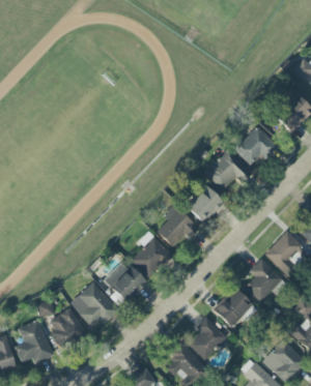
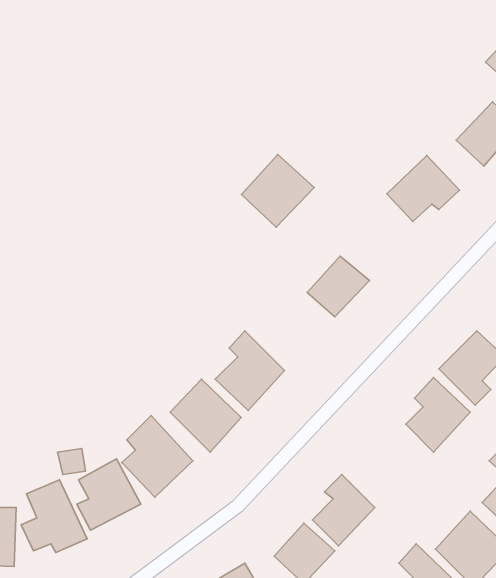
building: [204,149,248,192] -> [241,155,314,227]
building: [157,205,199,247] -> none
building: [213,287,253,327] -> none

